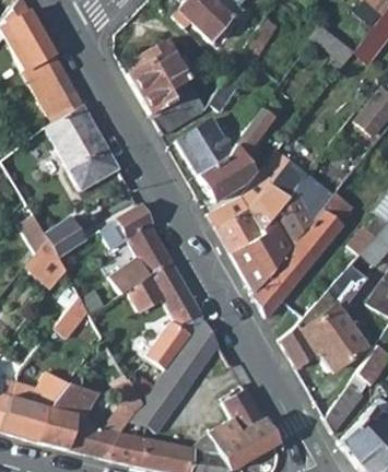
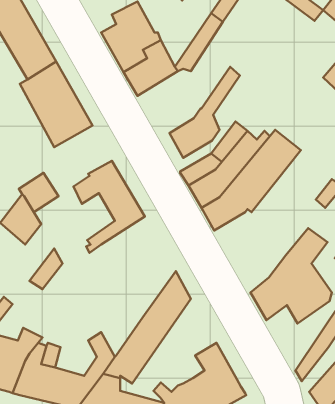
building: [179,120,231,176] -> none
building: [255,191,351,316] -> none
building: [129,261,205,364] -> none

